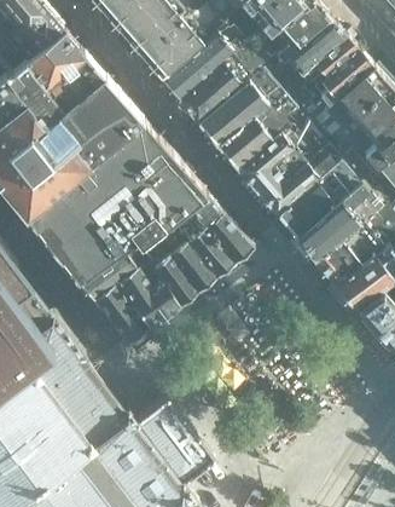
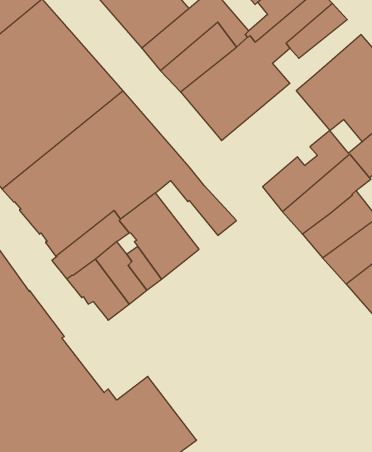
building: [313,52,373,106] -> none
building: [238,114,343,214] -> none
building: [174,208,234,275] -> none

